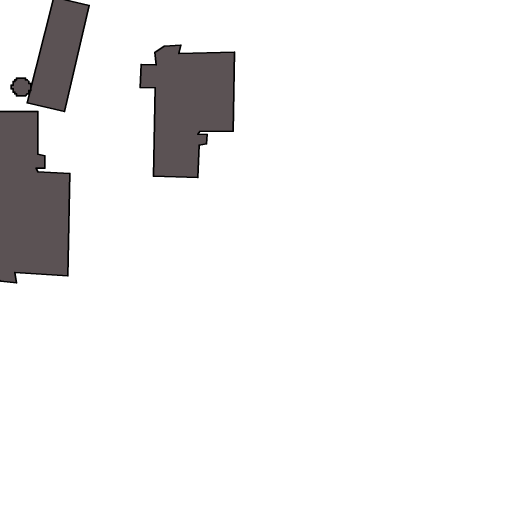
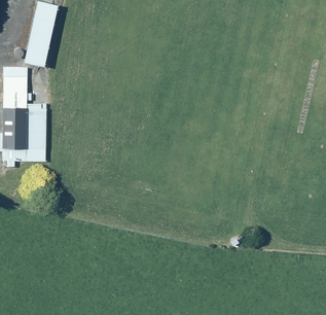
building: [140,45,235,178] -> none

